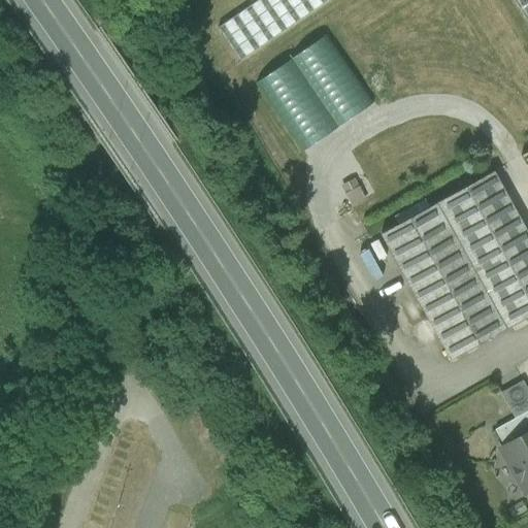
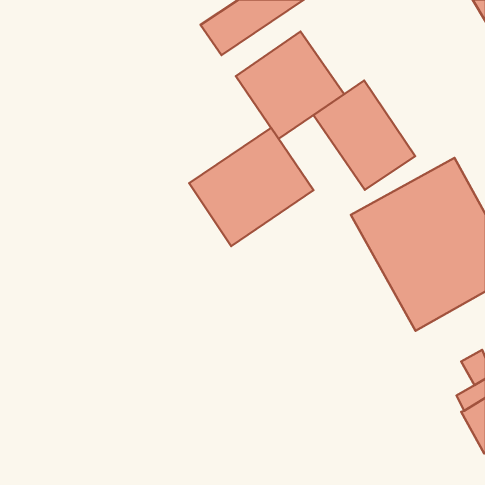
building: none -> [314,81,415,190]
building: none -> [189,128,314,246]

